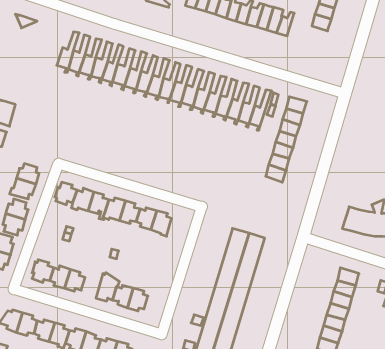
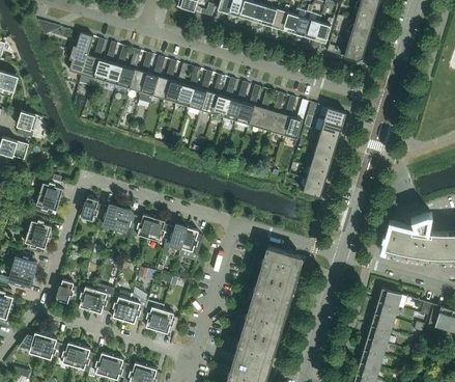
building: none -> [69,32,93,78]
building: none -> [344,32,368,60]
building: none -> [108,291,131,320]

